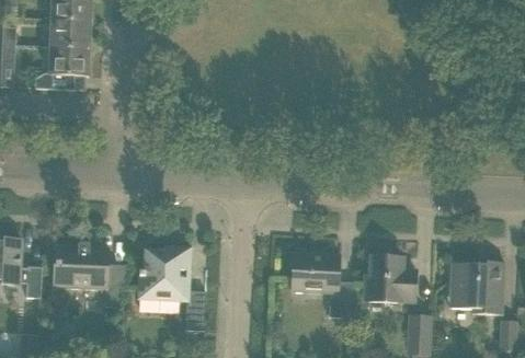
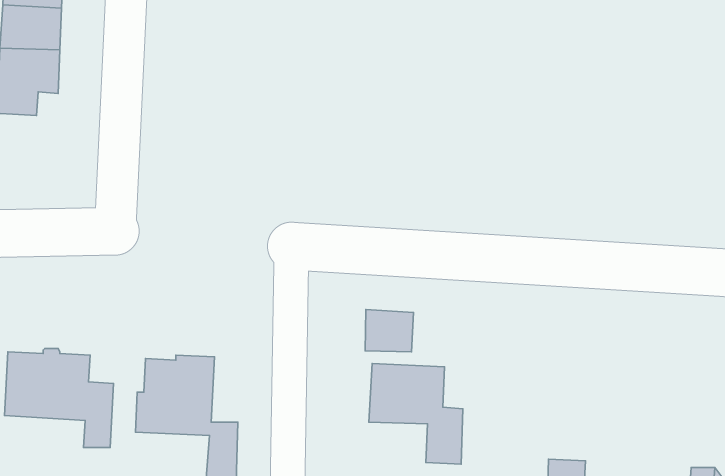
building: none -> [365,310,413,352]
building: [365,254,415,300] -> none
building: [449,259,504,313] -> none

